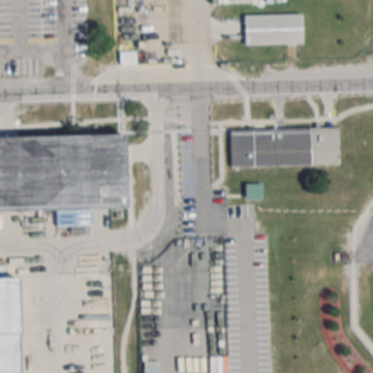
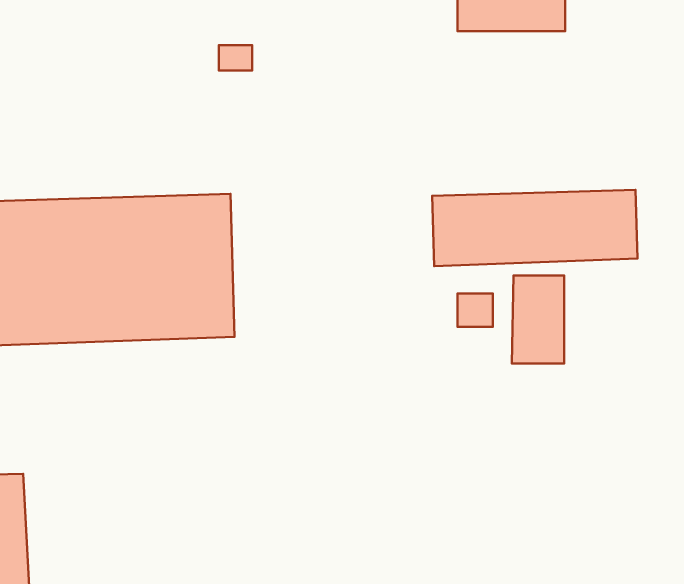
building: none -> [512,276,564,364]

